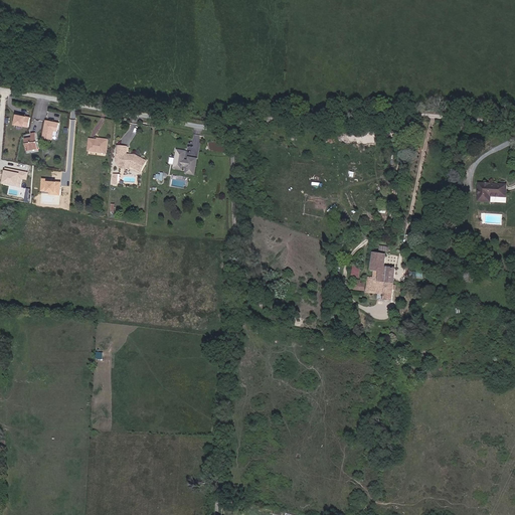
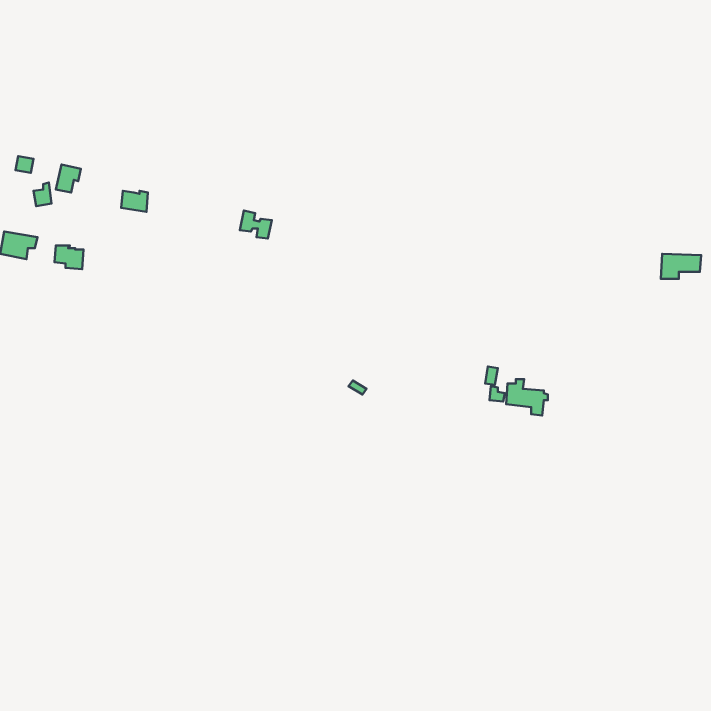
building: [116,146,146,171] -> none
building: [369,252,394,282] -> none

